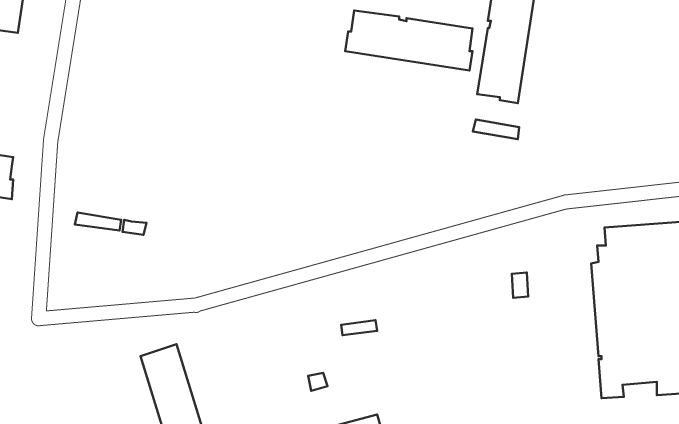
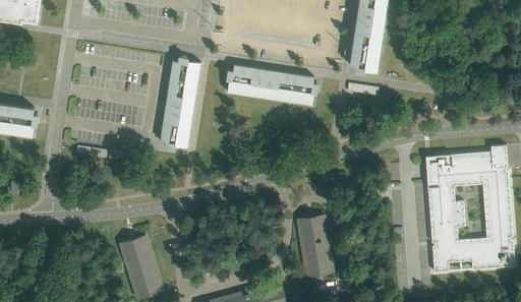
building: [345,11,472,71] -> [227,65,313,106]
building: none -> [160,61,200,147]
building: none -> [297,215,332,277]

